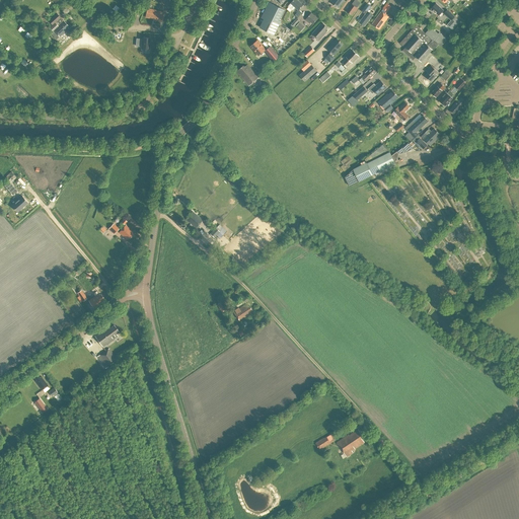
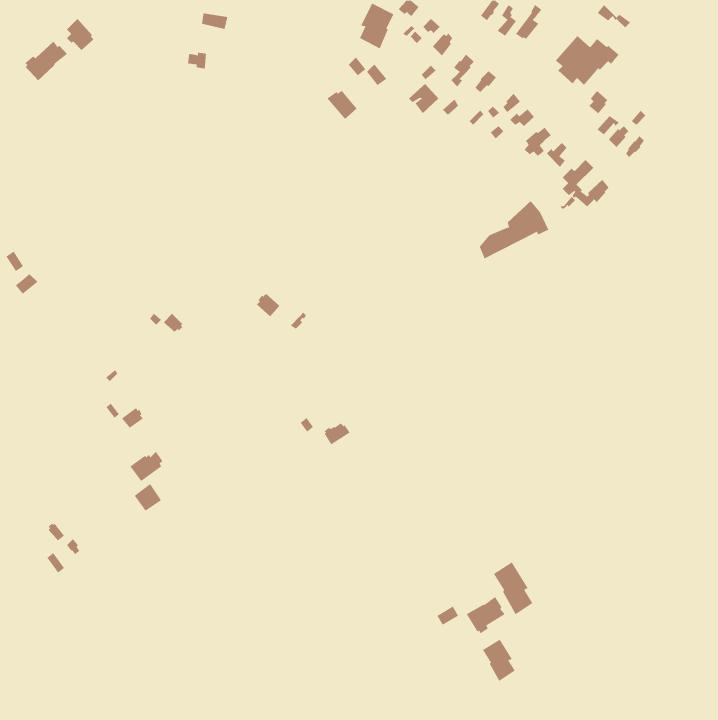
building: none -> [24,41,68,81]
building: none -> [493,562,533,615]
building: none -> [482,639,515,682]

